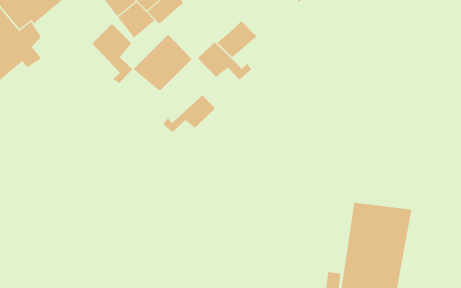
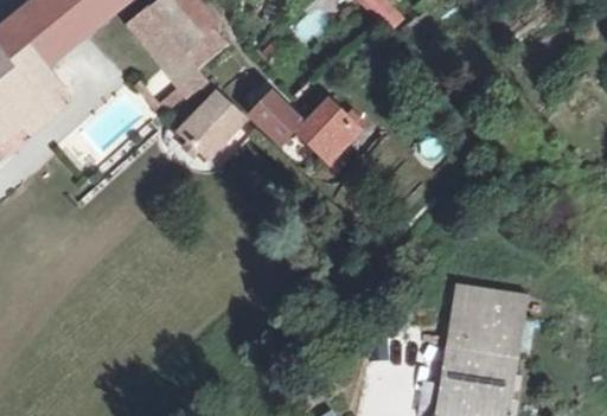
building: [216,21,257,58] -> [308,108,360,155]
building: [91,23,133,84] -> none
building: [162,94,216,133] -> none

